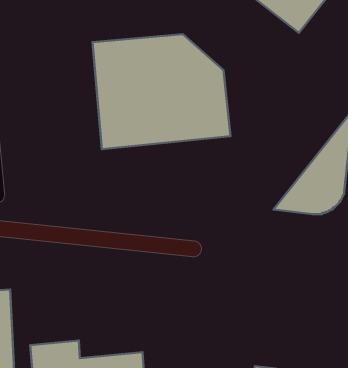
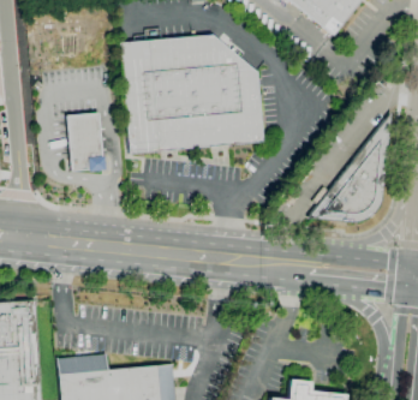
building: none -> [67,115,104,172]

